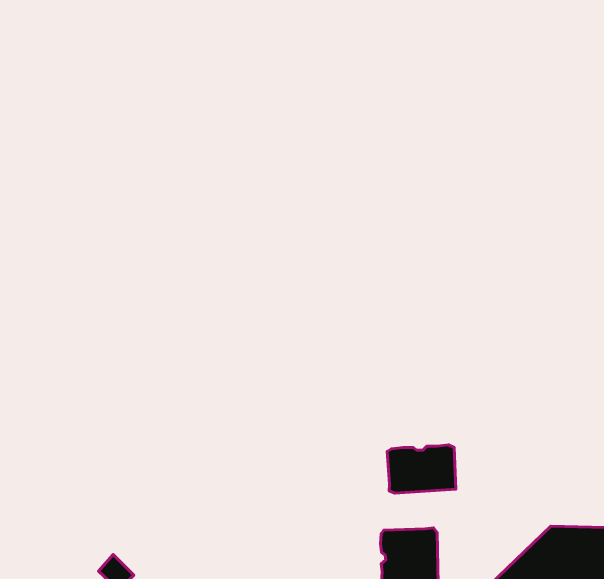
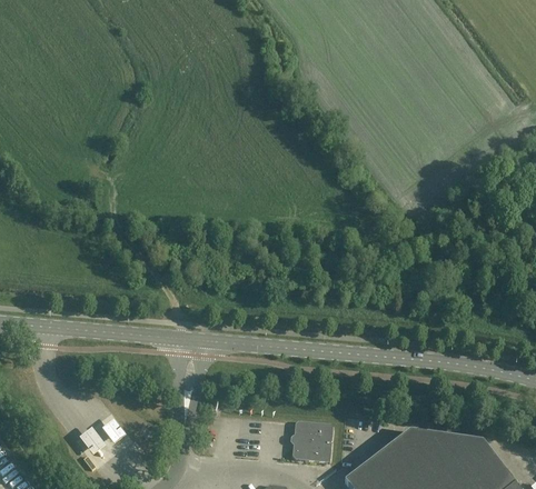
building: [387,445,456,493] -> none

